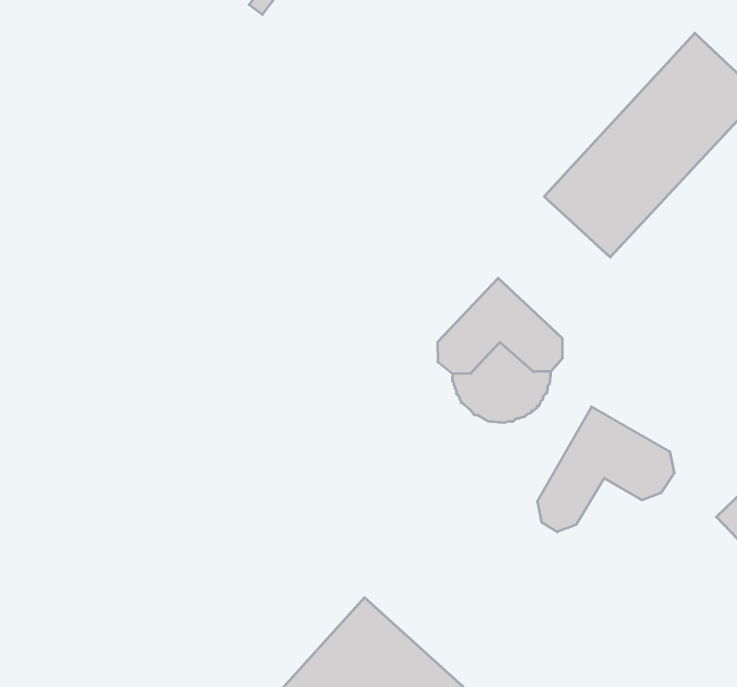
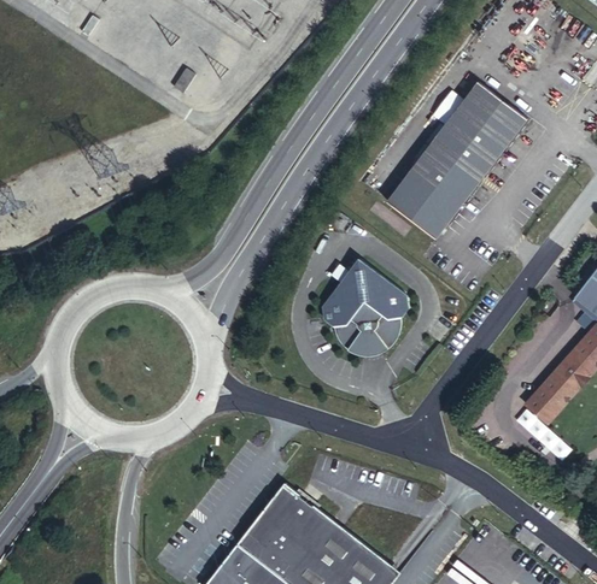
building: [538,407,674,532] -> none

